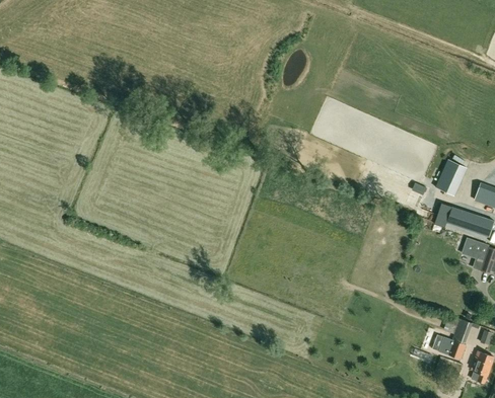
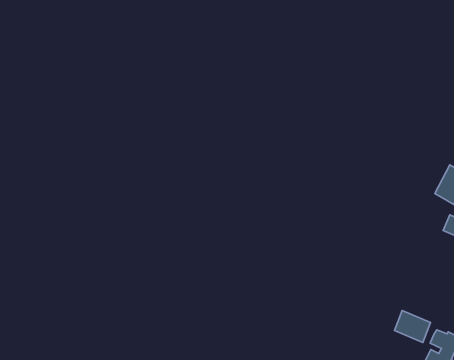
building: none -> [395,310,430,343]

